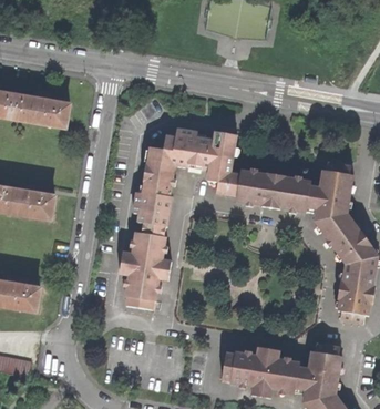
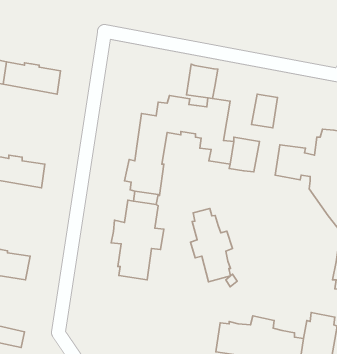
building: none -> [187,64,218,98]
building: [259,174,285,207] -> [252,94,277,128]
building: none -> [191,208,232,282]

